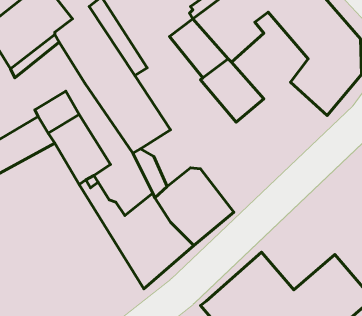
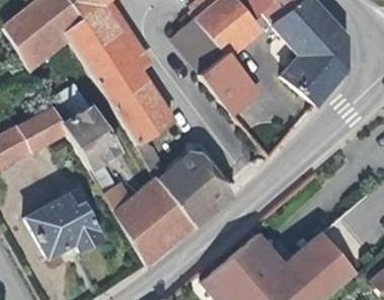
building: none -> [25,188,100,258]

